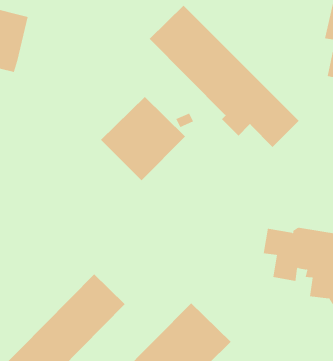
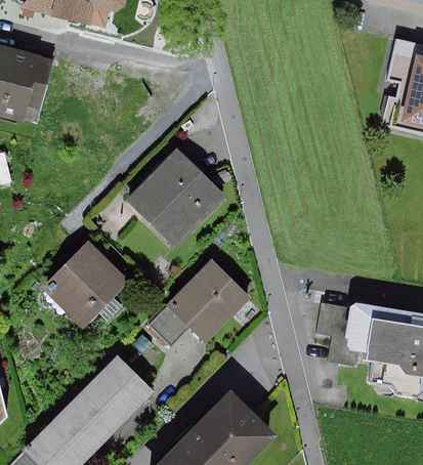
building: [149,5,299,148] -> none
building: none -> [41,241,131,329]
building: none -> [147,259,252,348]

